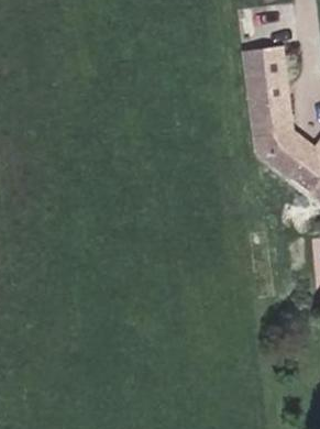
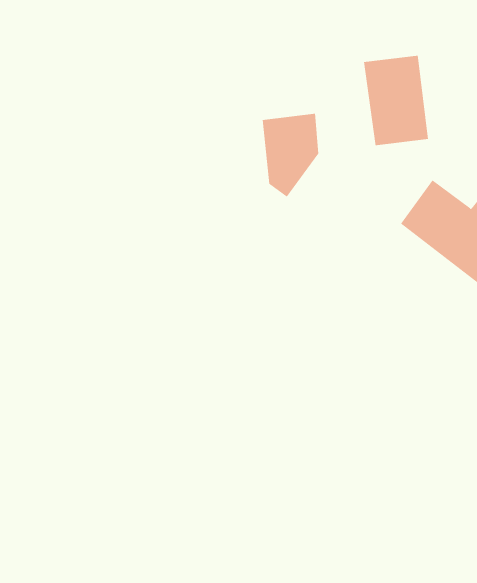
building: [251,103,288,158] -> [262,113,319,197]

